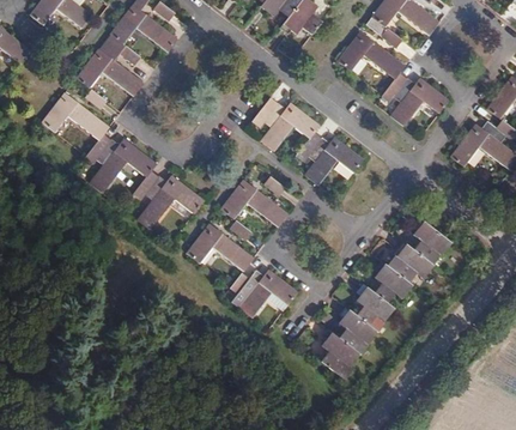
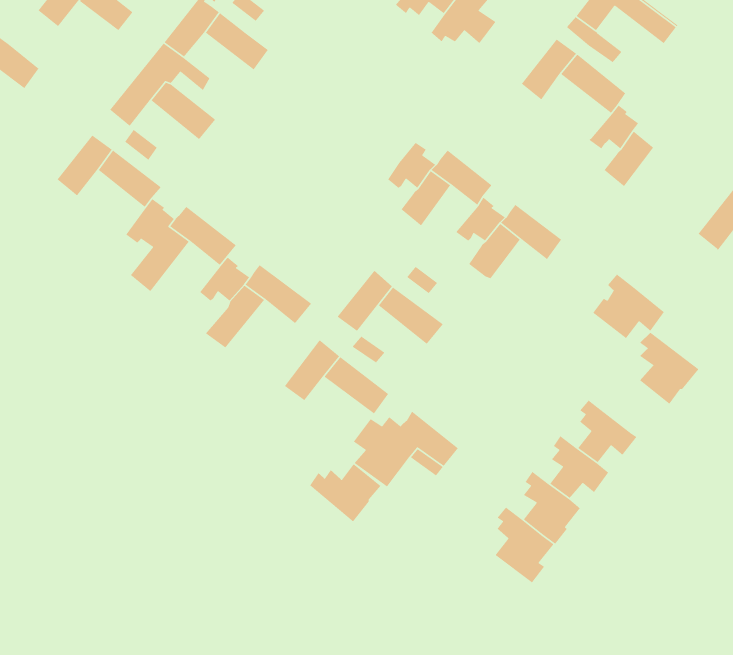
building: [409,77,449,113] -> none
building: [387,241,433,283] -> [592,273,666,339]
building: none -> [309,463,382,523]

